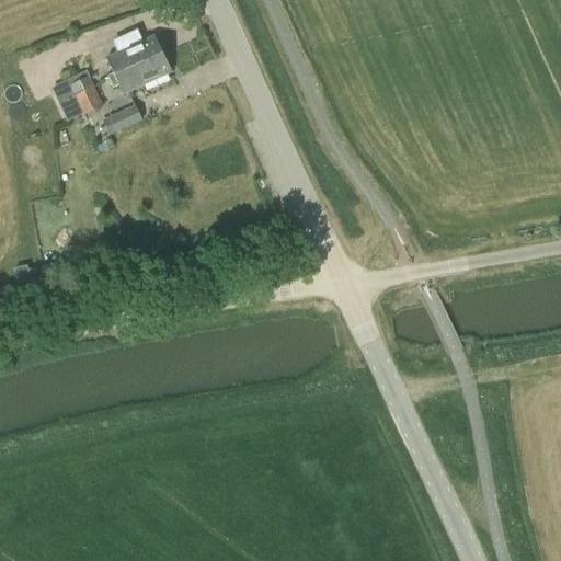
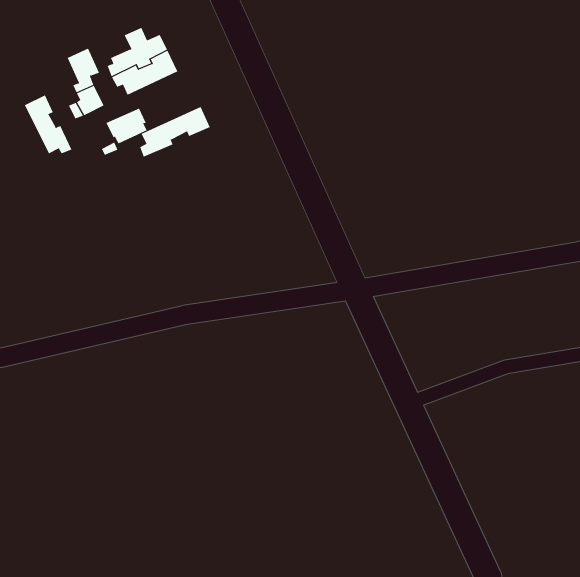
building: none -> [24,94,72,154]
building: none -> [139,106,210,158]

